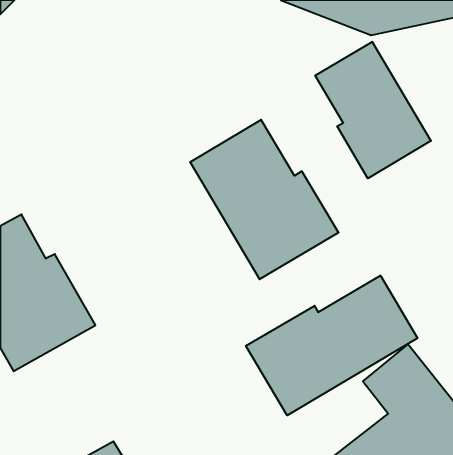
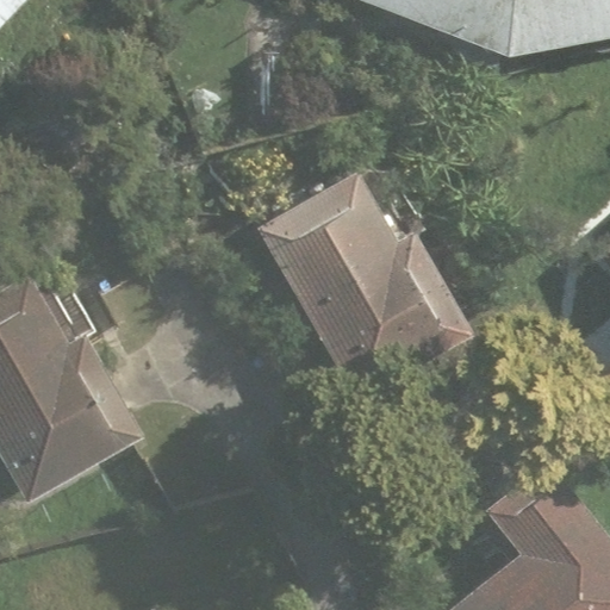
building: [315,42,431,178] -> none
building: [246,276,417,415] -> none

